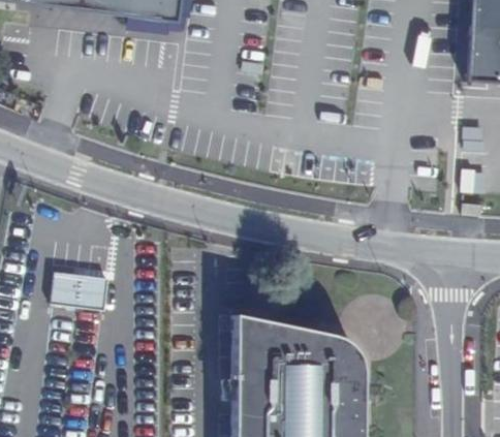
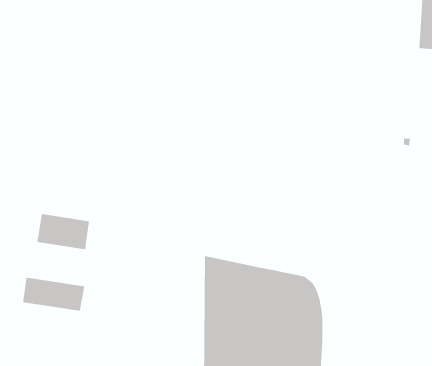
building: none -> [23,277,85,312]

